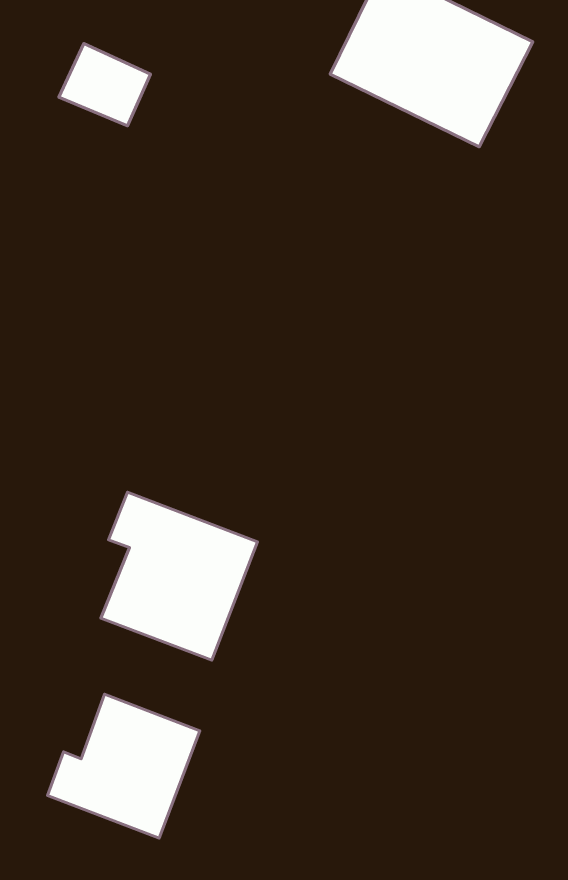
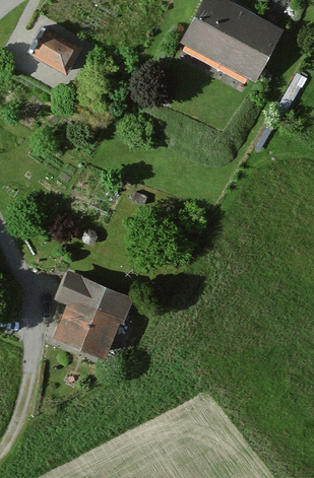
building: [47,694,200,838] -> none

